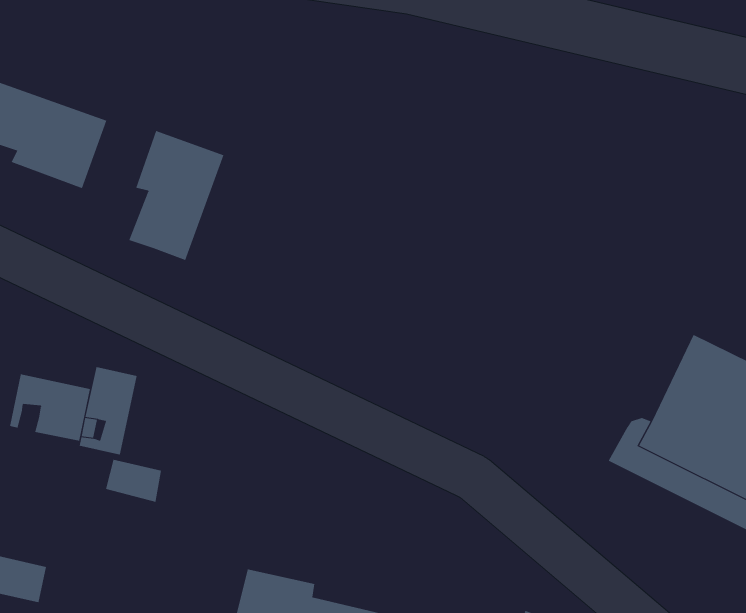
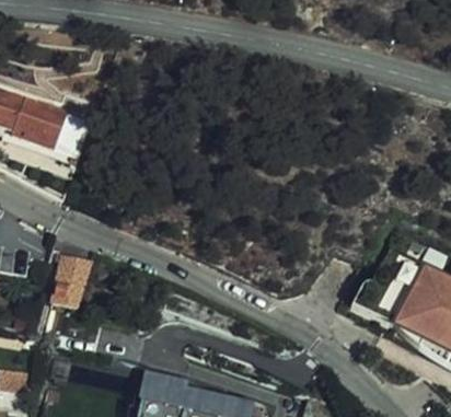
building: [128,130,224,261] -> none
building: [10,373,90,442] -> none

